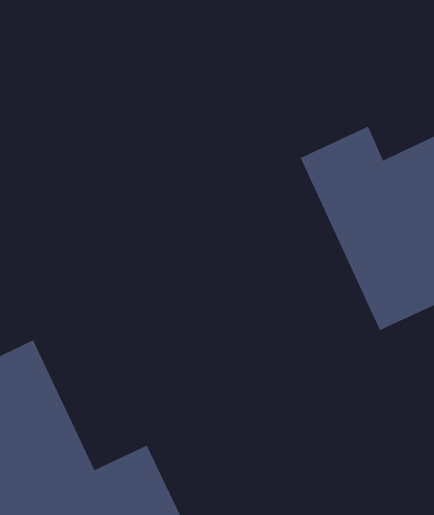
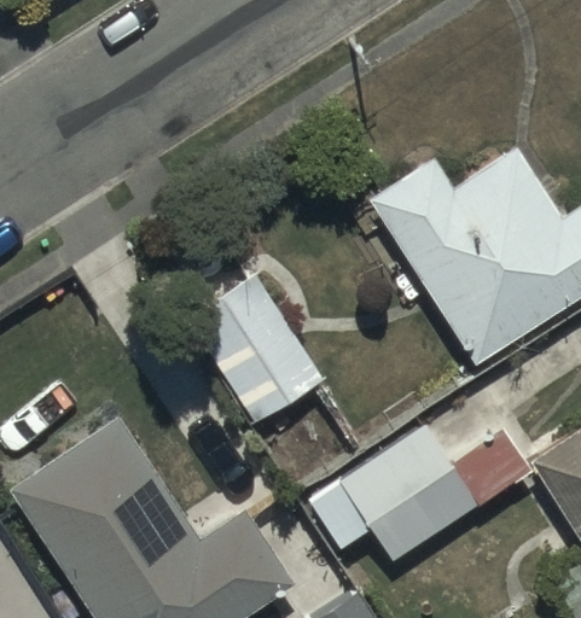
building: none -> [179,263,323,426]
building: none -> [313,428,529,550]

